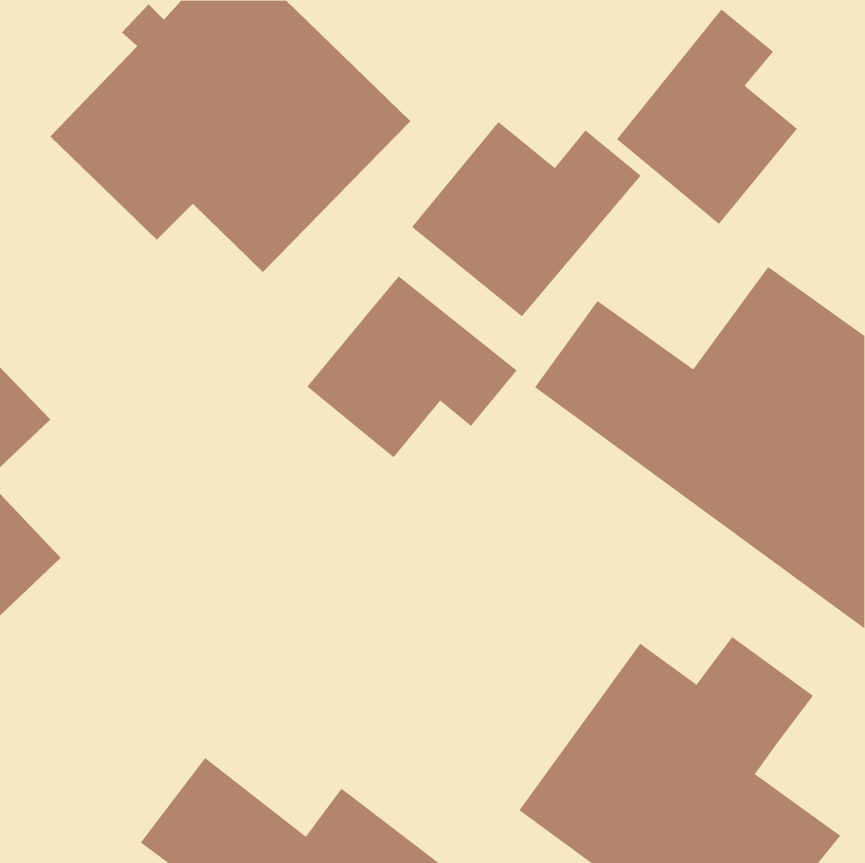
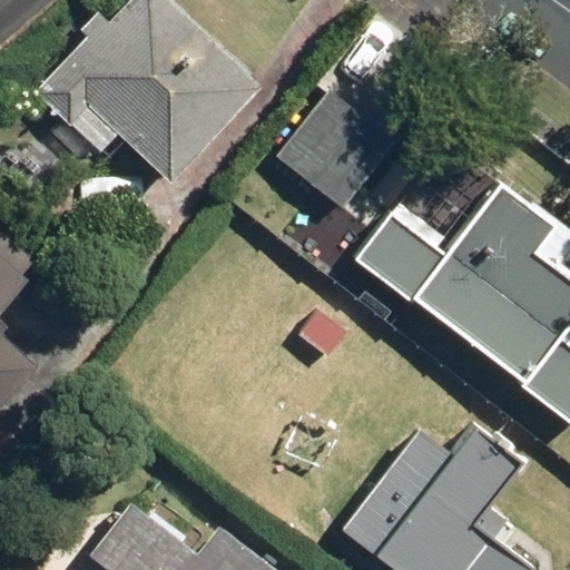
building: [616,8,798,225] -> none
building: [307,275,518,458] -> none

